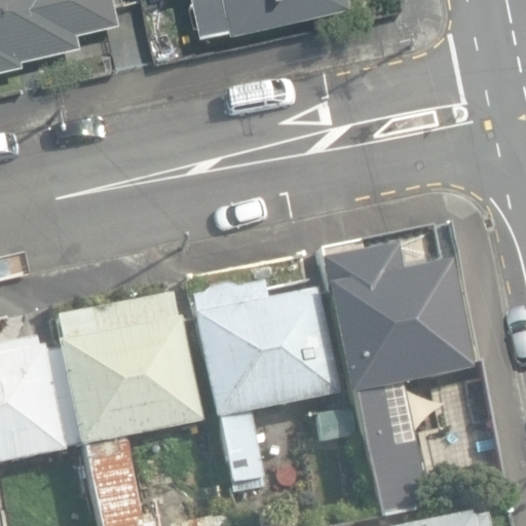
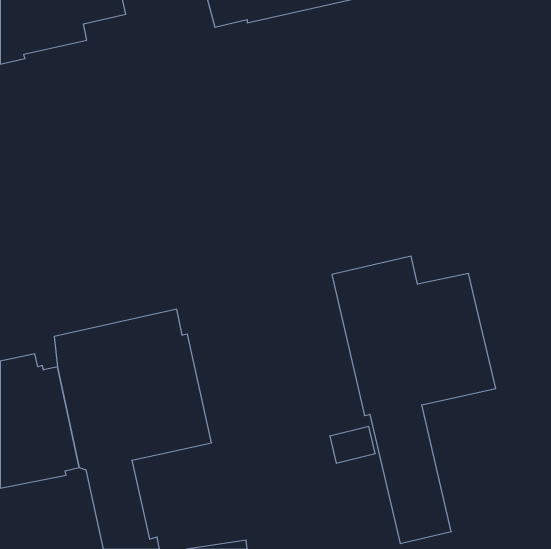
building: [190,281,338,481] -> none

